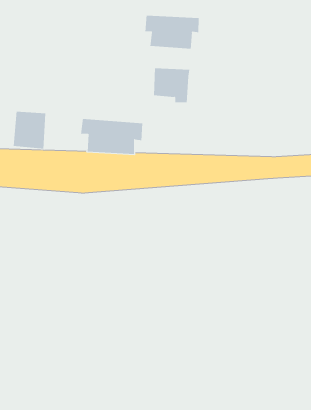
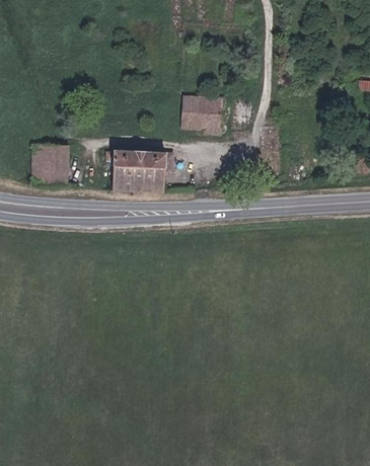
building: [145,15,199,50] -> none

